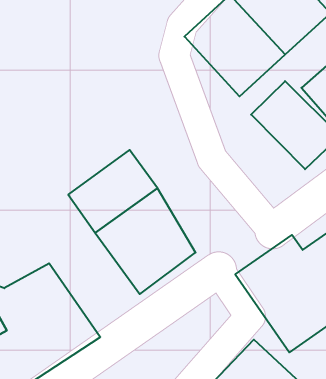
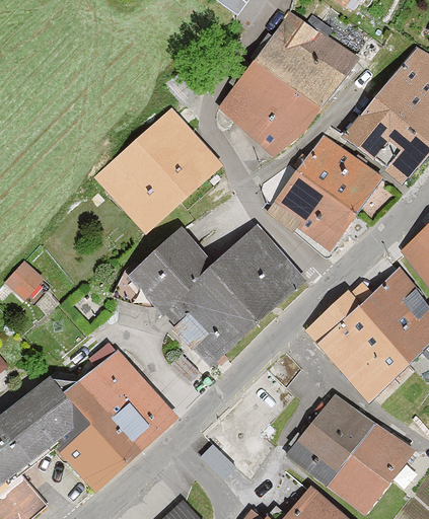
building: none -> [98,110,221,231]
building: none -> [265,172,356,257]
building: none -> [213,223,305,317]

